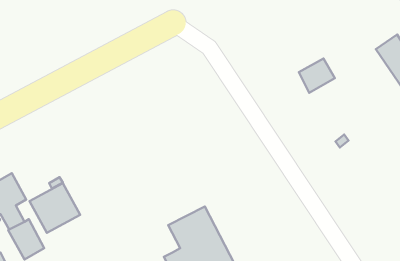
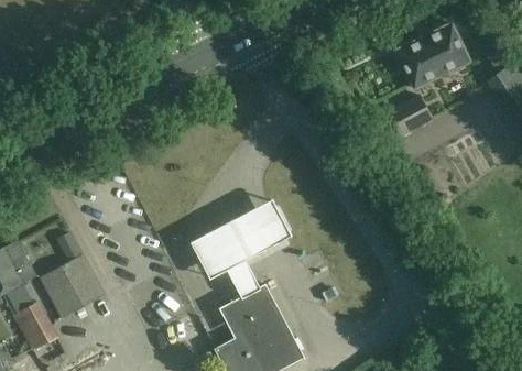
building: none -> [395,23,469,88]
building: none -> [191,200,293,302]

